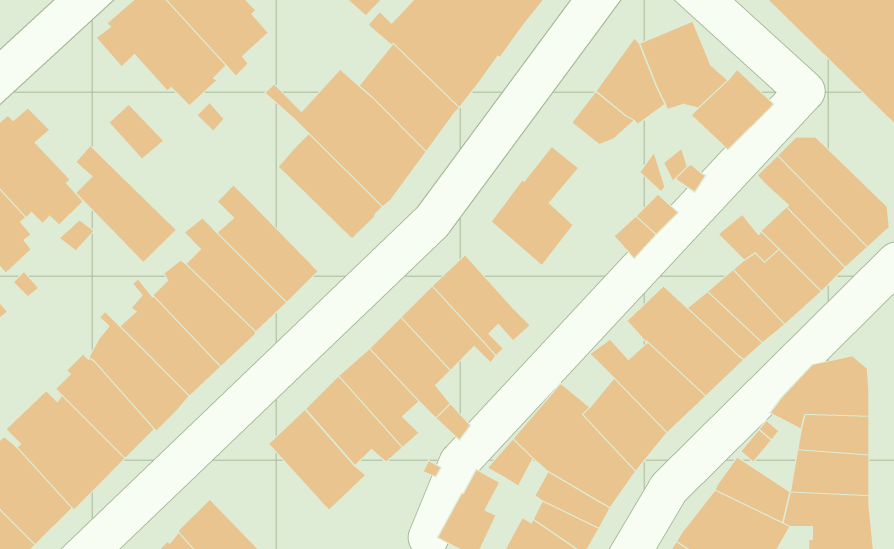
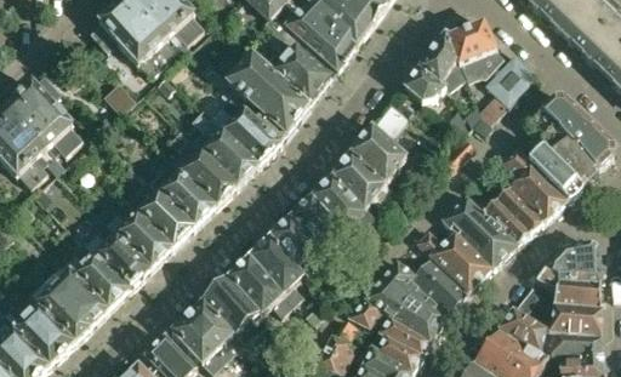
building: [75,145,176,263] -> [190,108,257,185]
building: none -> [332,153,391,221]
building: none -> [170,299,243,362]

